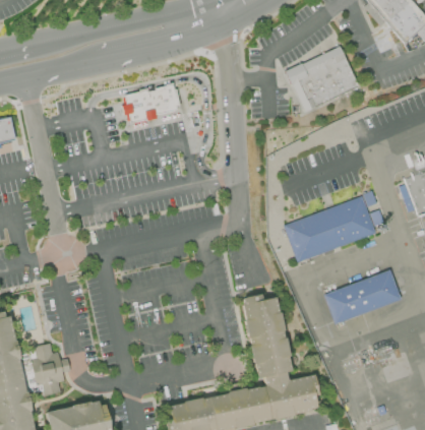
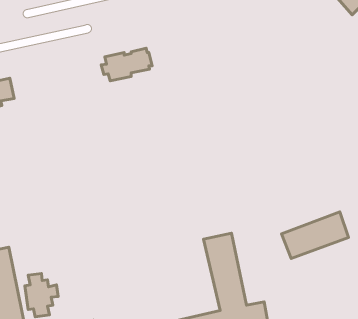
building: [288,45,361,112] -> none
building: [286,195,378,262] -> none

